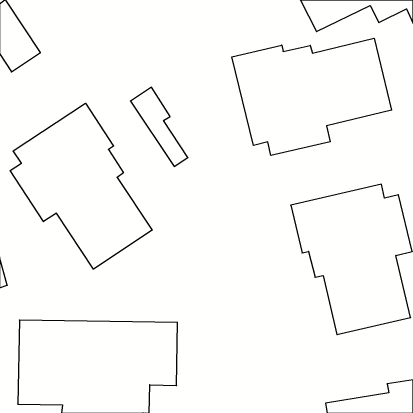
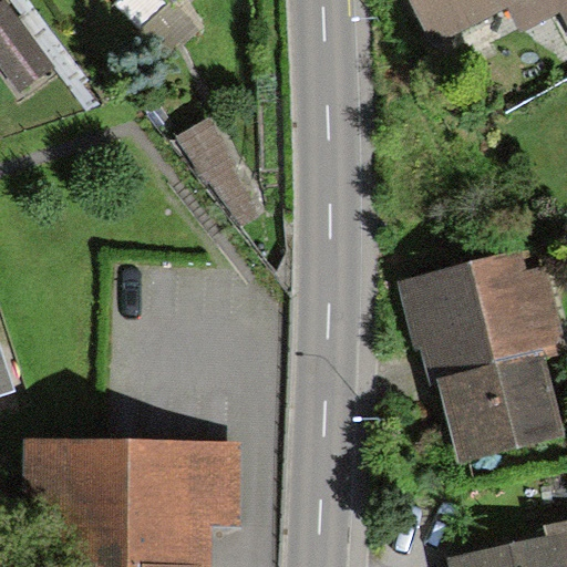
building: [232,38,392,155] -> none
building: [10,103,152,269] -> none

